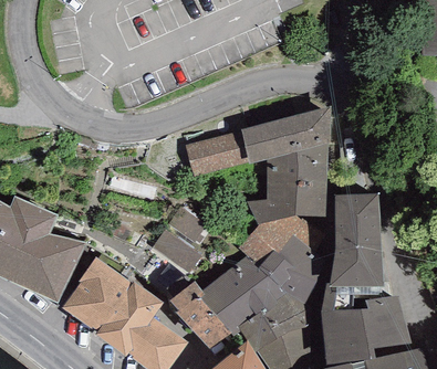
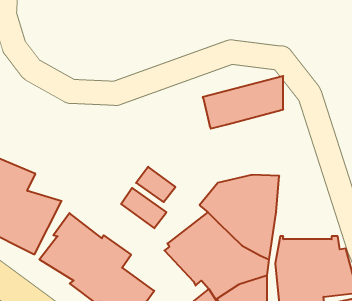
building: [184,131,248,176] -> none
building: [246,143,329,223] -> none
building: [329,193,382,285] -> none
building: [167,281,230,347] -> none

